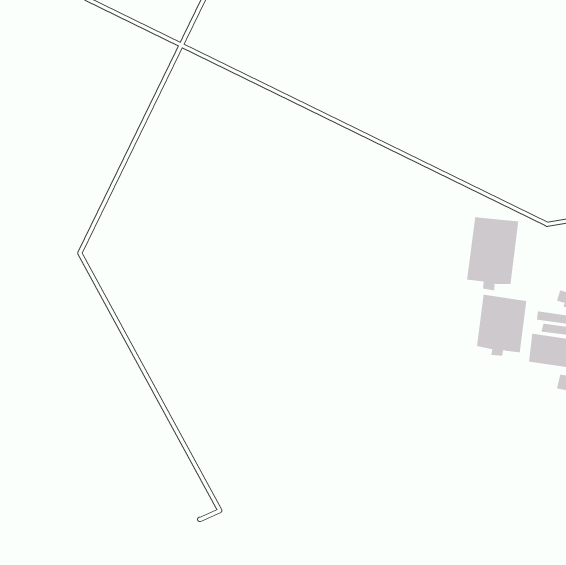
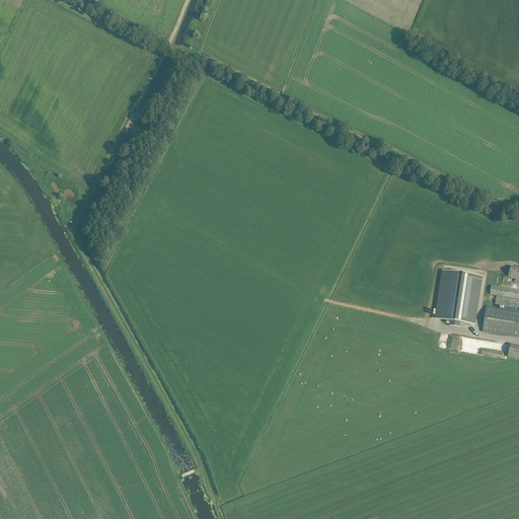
building: [467,217,519,291] -> none

